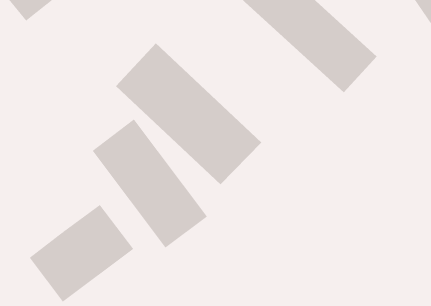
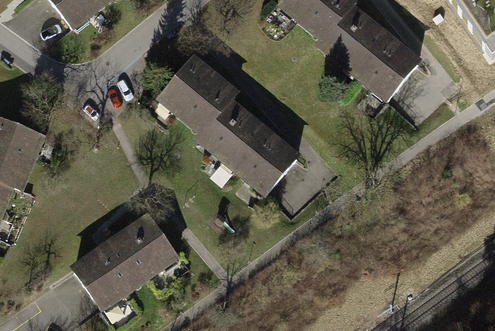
building: [92,119,208,249] -> none

